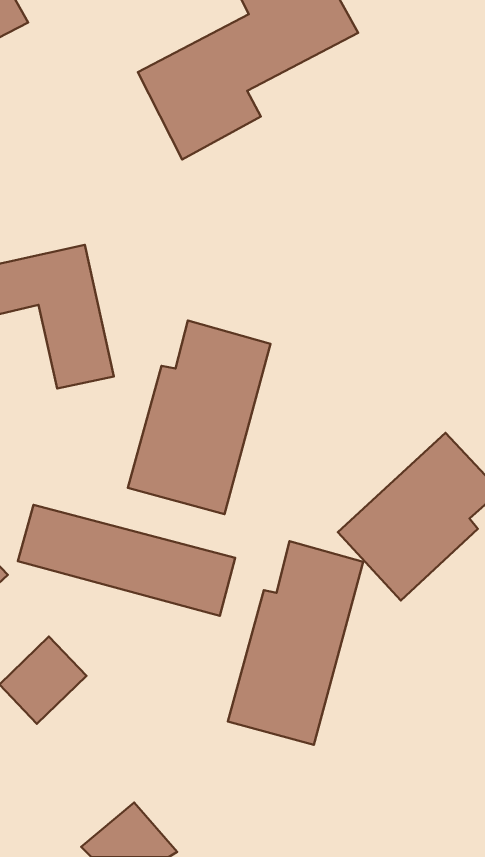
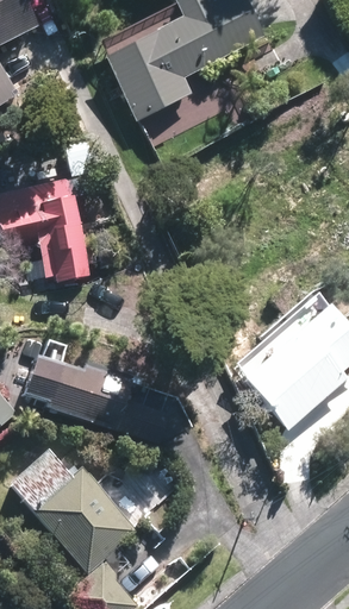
building: [128,321,270,514] -> none
building: [228,541,363,745] -> none
building: none -> [38,473,132,569]

